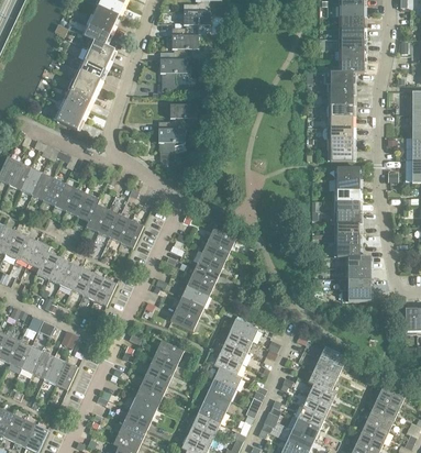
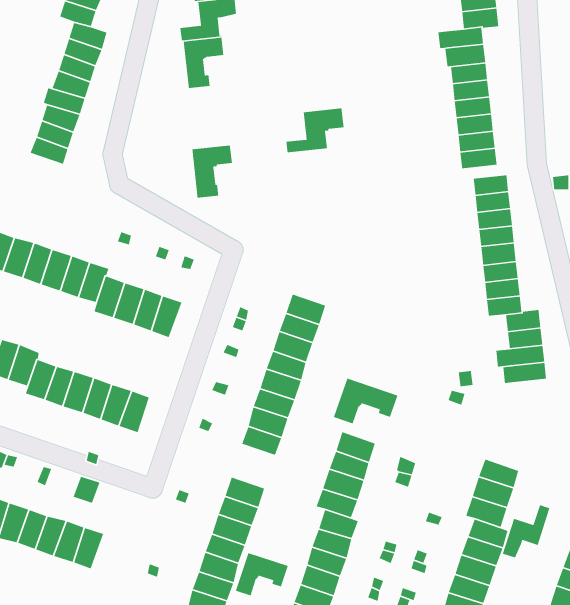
building: [157,103,196,129] -> [285,107,344,153]
building: none -> [333,377,398,425]
building: none -> [502,504,551,559]
building: none -> [235,552,289,596]

